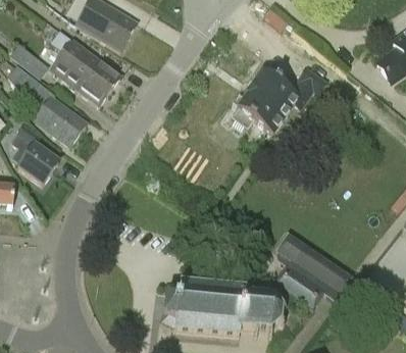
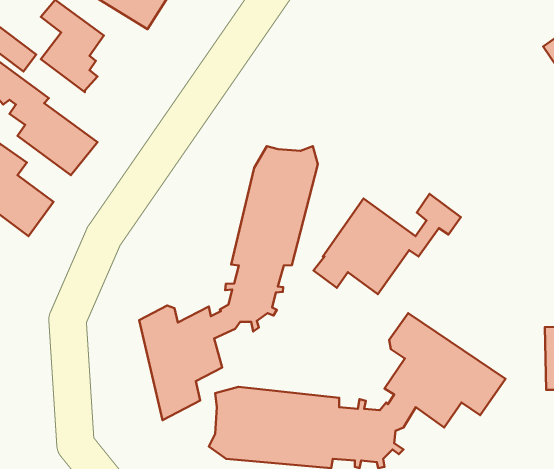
building: [80,54,120,105] -> none
building: [231,66,326,132] -> [313,194,461,294]
building: none -> [139,146,318,420]

